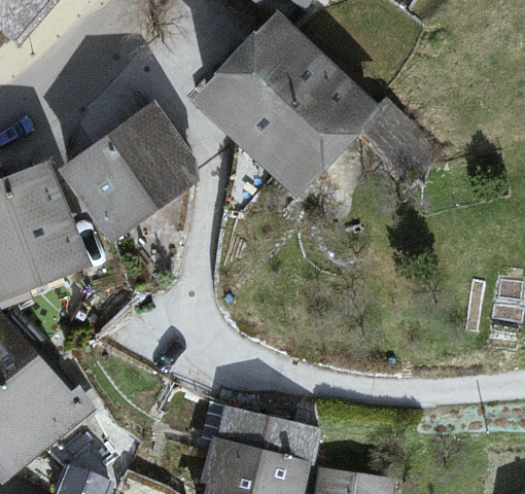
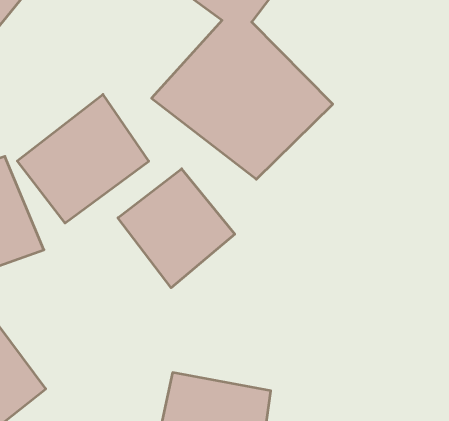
building: none -> [118,169,235,288]

